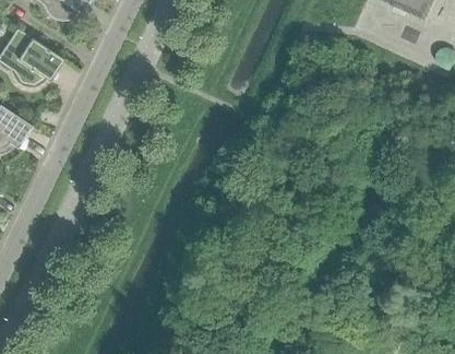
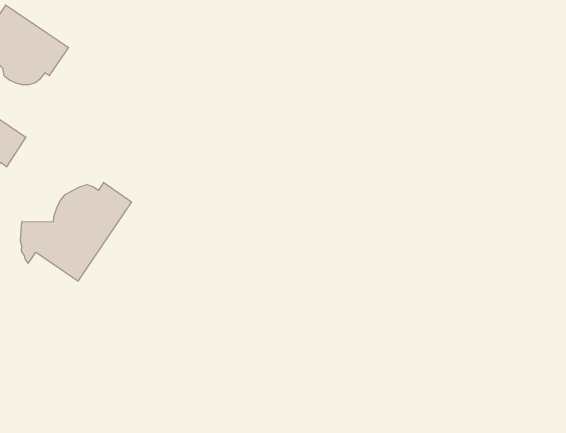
building: none -> [21,182,131,281]

